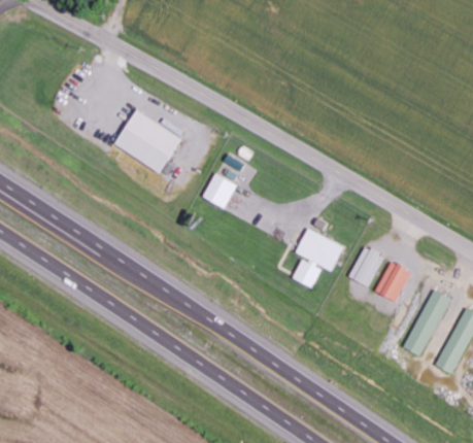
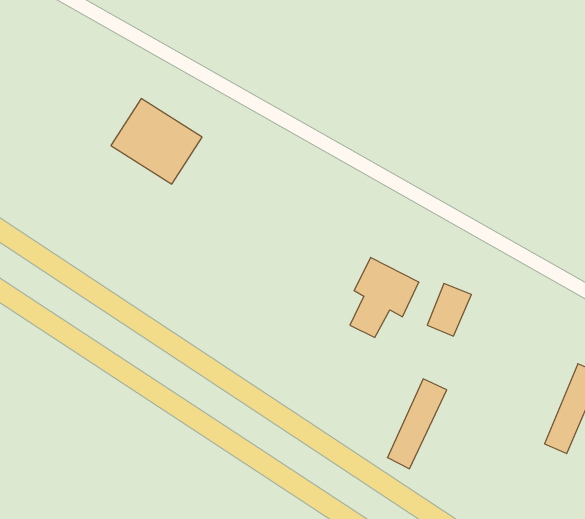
building: [203,174,235,208] -> none
building: [375,262,409,302] -> none
building: [404,289,448,356] -> [387,379,447,469]

